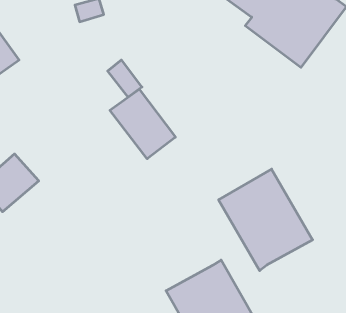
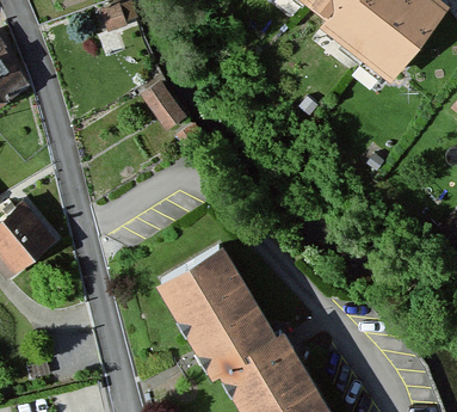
building: [110,89,175,159] -> none
building: [219,169,313,271] -> [155,253,276,383]

